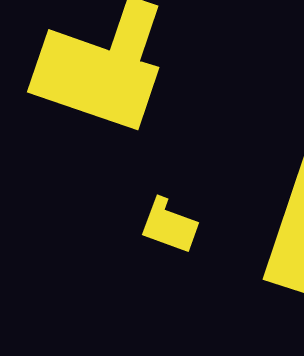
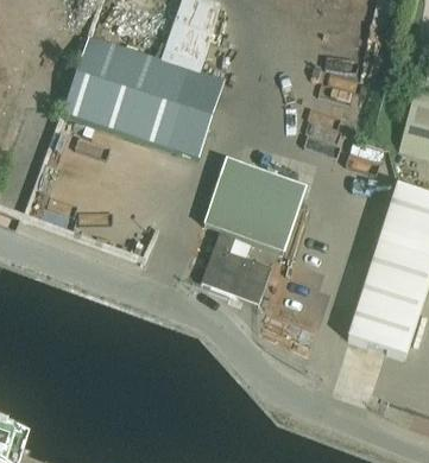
building: none -> [204,157,309,252]

